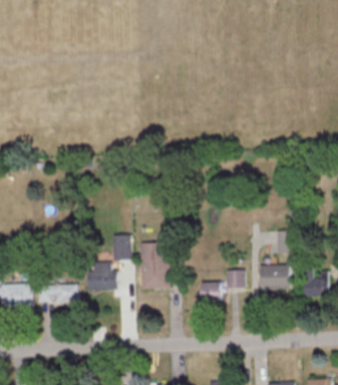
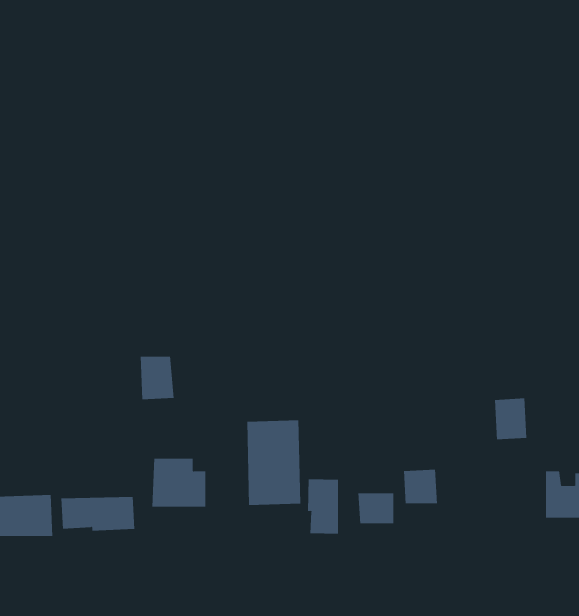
building: [111,237,130,261] -> [140,356,174,400]
building: [260,265,290,290] -> none
building: none -> [308,478,339,535]

